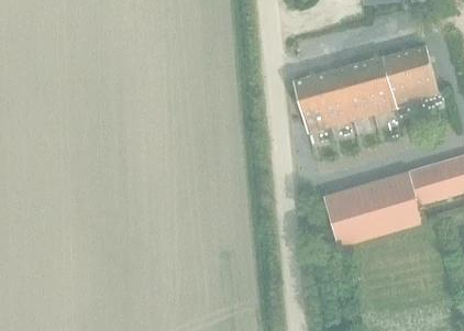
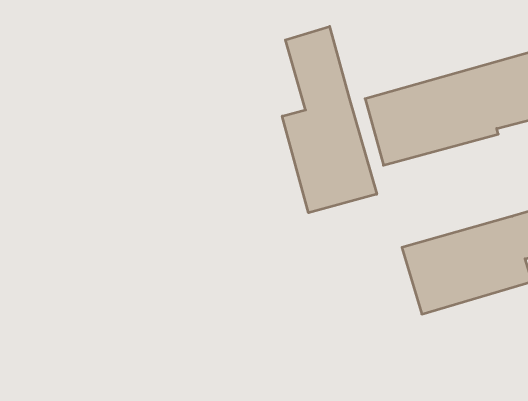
building: none -> [282,26,377,213]

